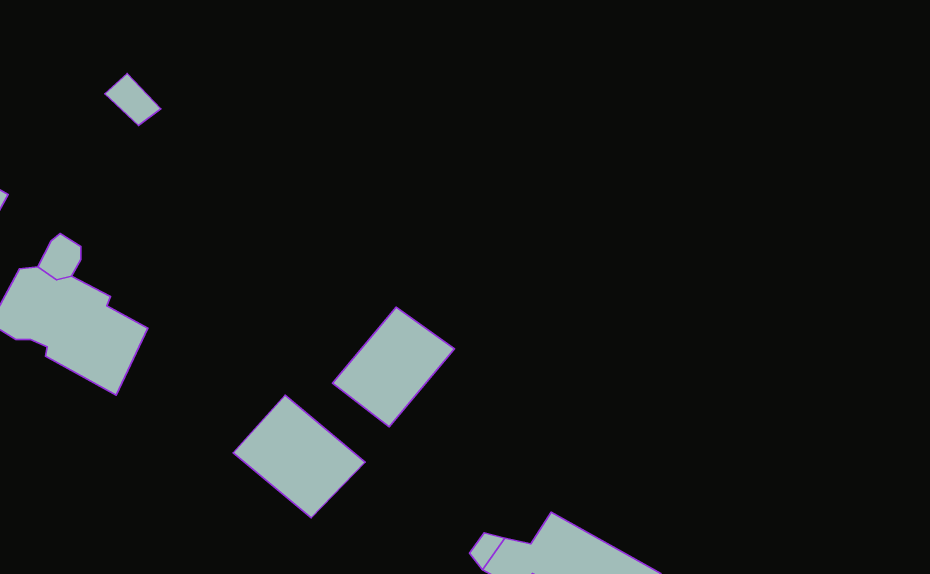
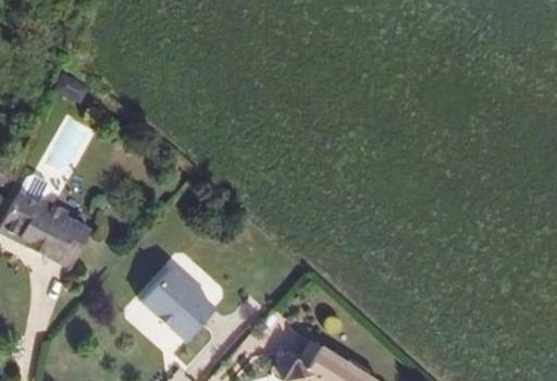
building: [332,307,454,427] -> none

